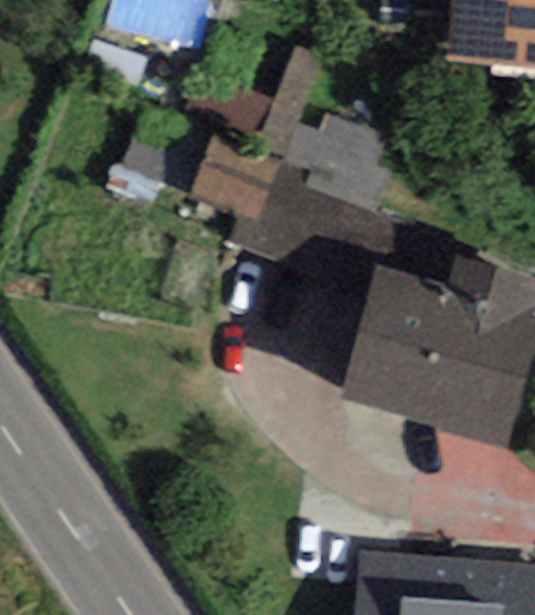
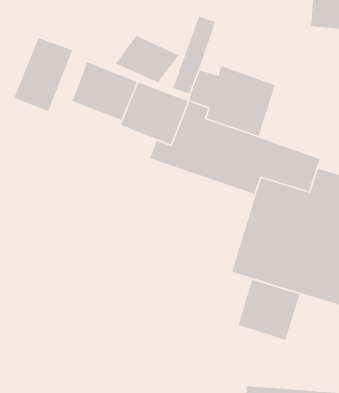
building: none -> [13,37,73,112]
building: none -> [237,279,300,341]

